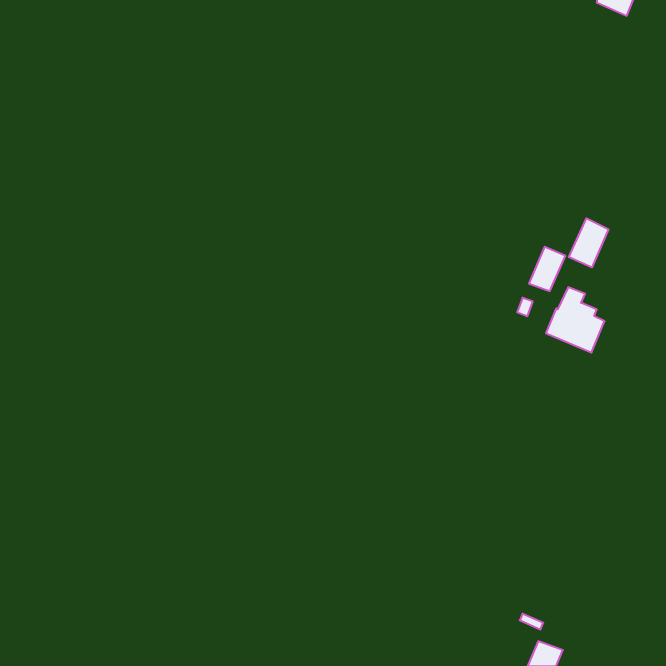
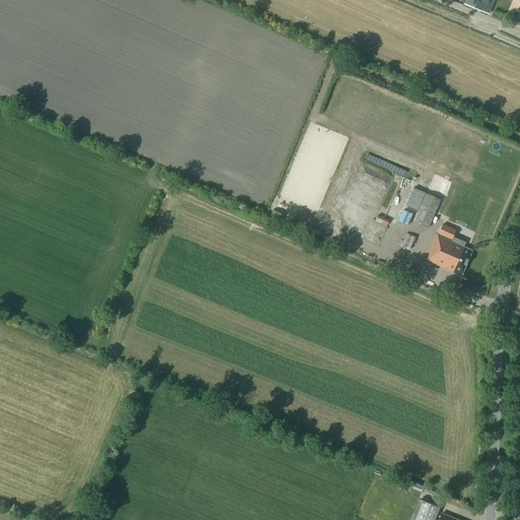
building: [569,218,608,267] -> none

